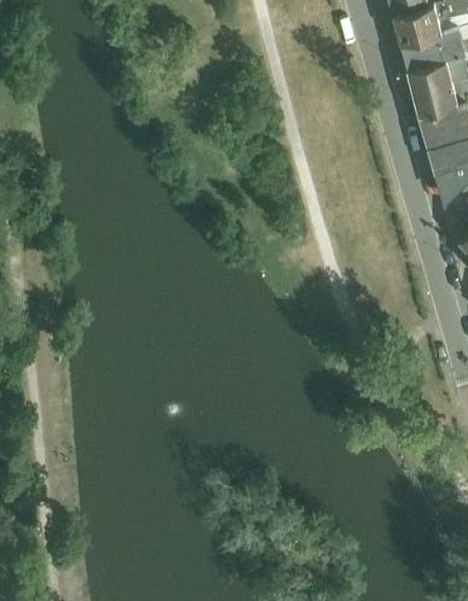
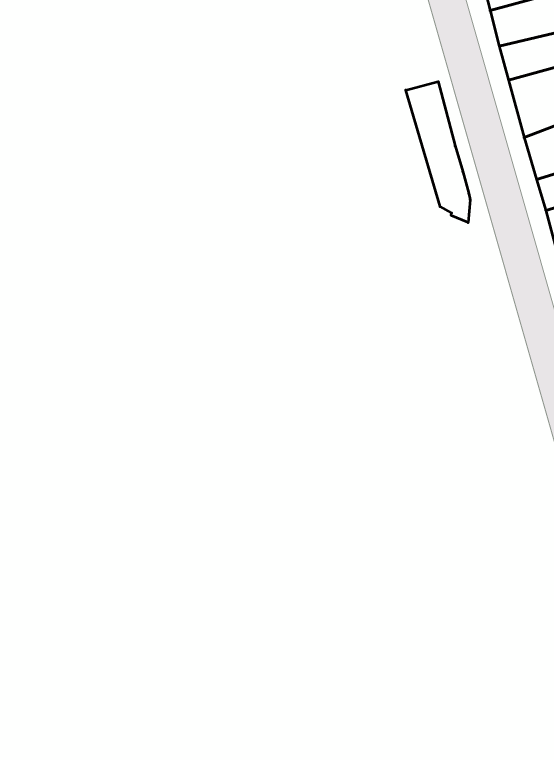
building: none -> [406,82,470,223]

